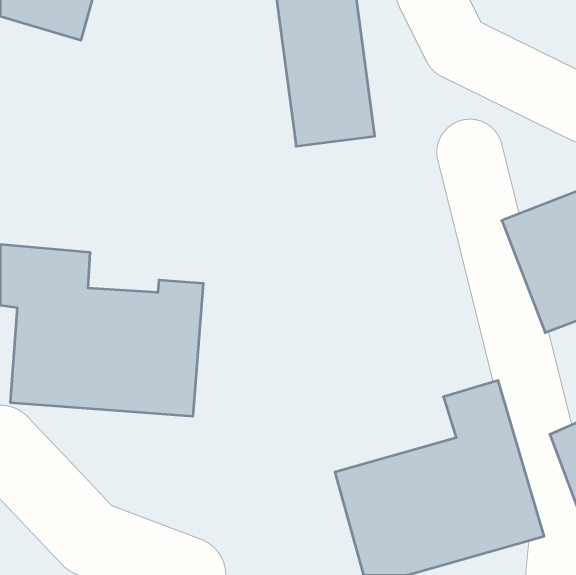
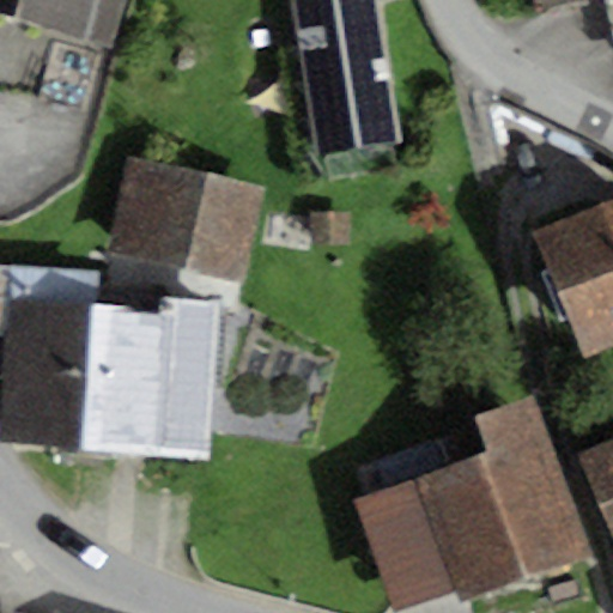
building: none -> [115,165,262,289]

